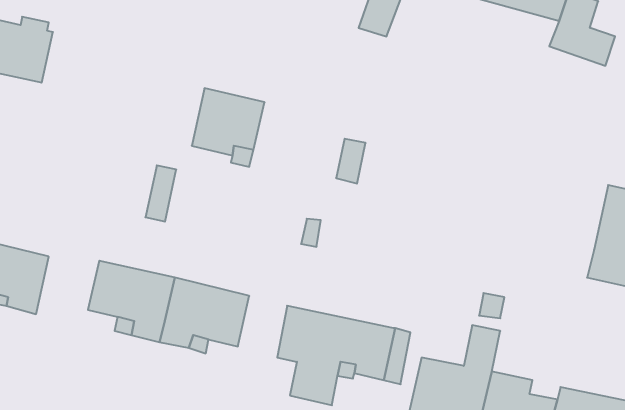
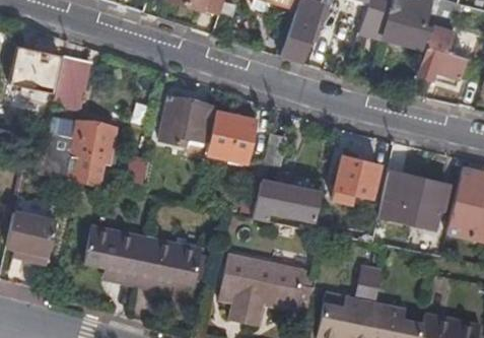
building: none -> [54,56,90,111]
building: none -> [207,113,258,162]
building: none -> [64,119,116,185]
building: none -> [334,151,378,198]
building: none -> [378,173,448,227]
building: none -> [254,183,321,221]

